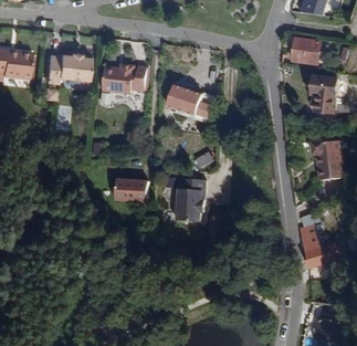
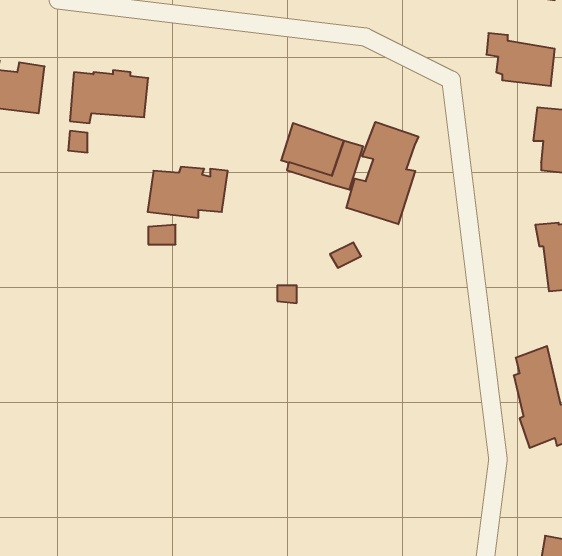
building: [102,65,147,94] -> [148,167,228,218]
building: none -> [346,122,418,224]
building: [176,178,204,221] -> none
building: [114,179,147,202] -> none

